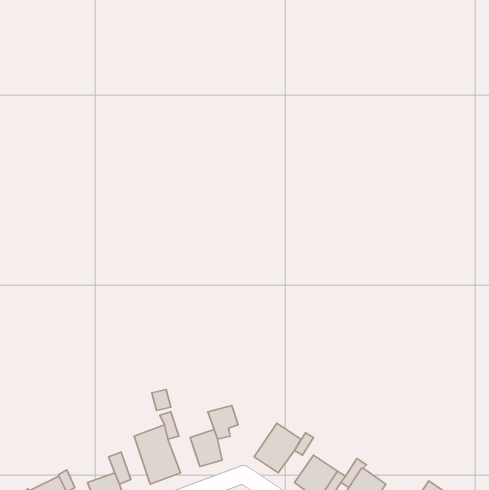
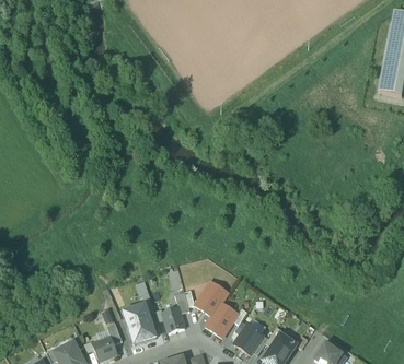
building: none -> [195,282,228,316]

